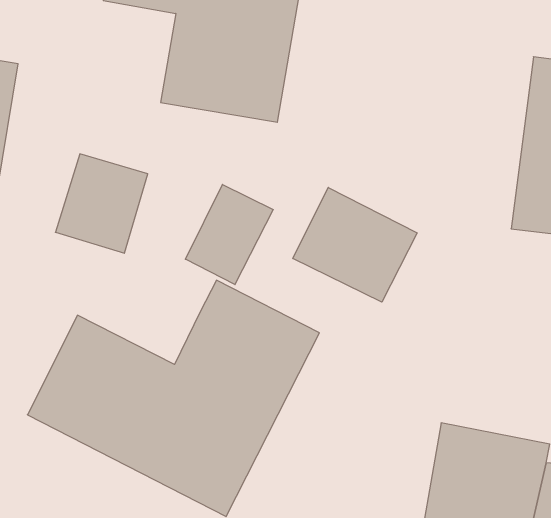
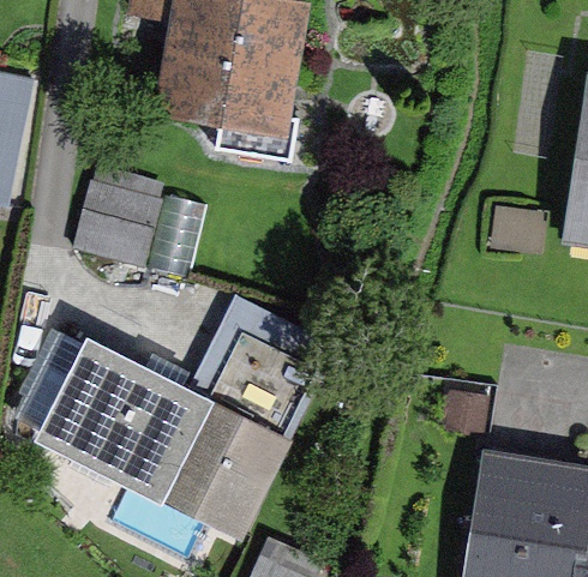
building: [185,184,273,285] -> none
building: [293,187,417,302] -> none

